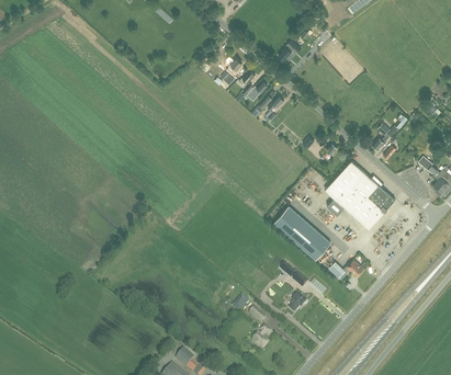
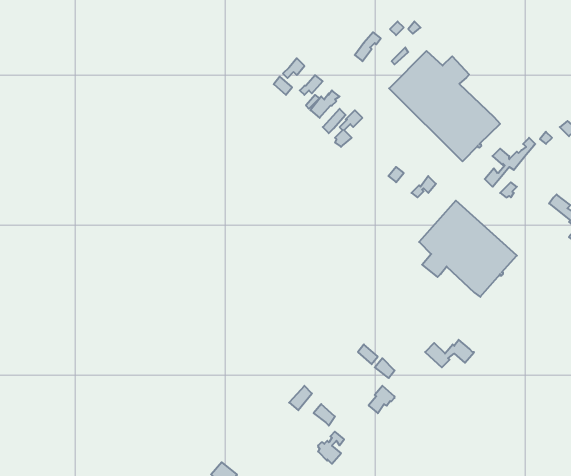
building: none -> [389,51,500,161]
building: [274,206,330,260] -> none

